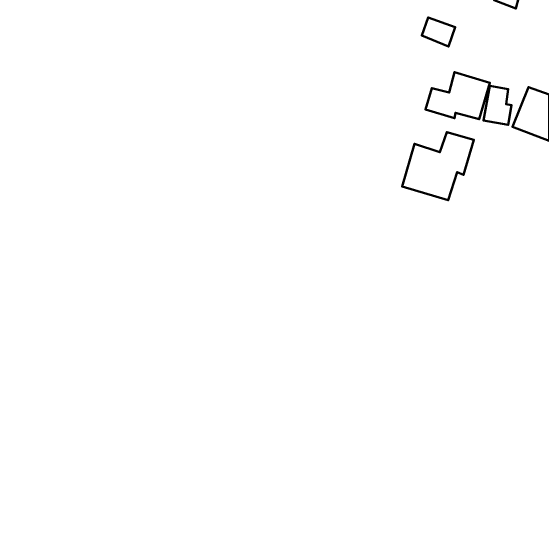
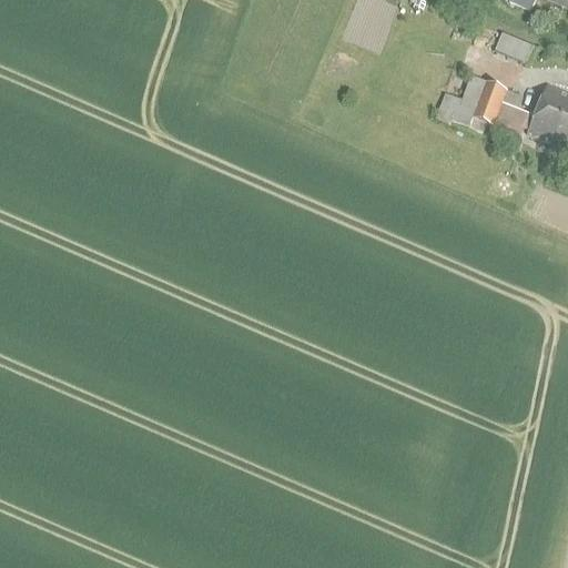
building: [422,17,455,46] -> [496,30,530,60]
building: [402,132,474,200] -> none

